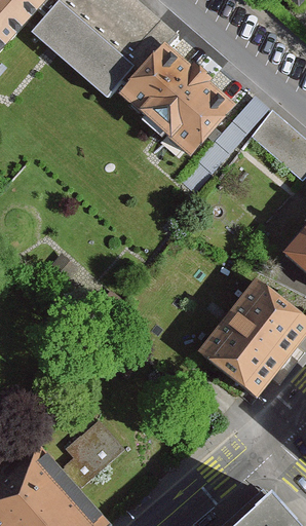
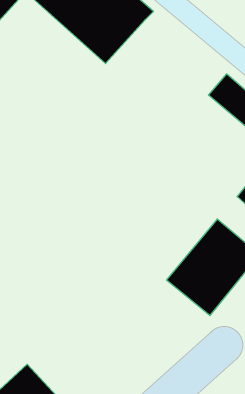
building: [127,46,244,162] -> none

